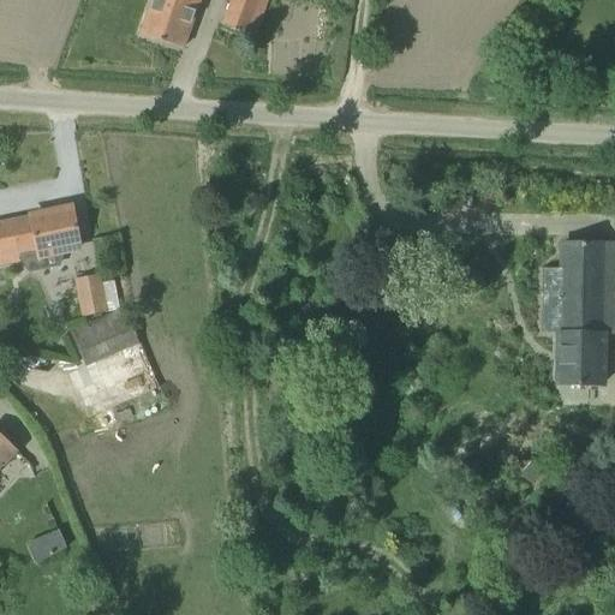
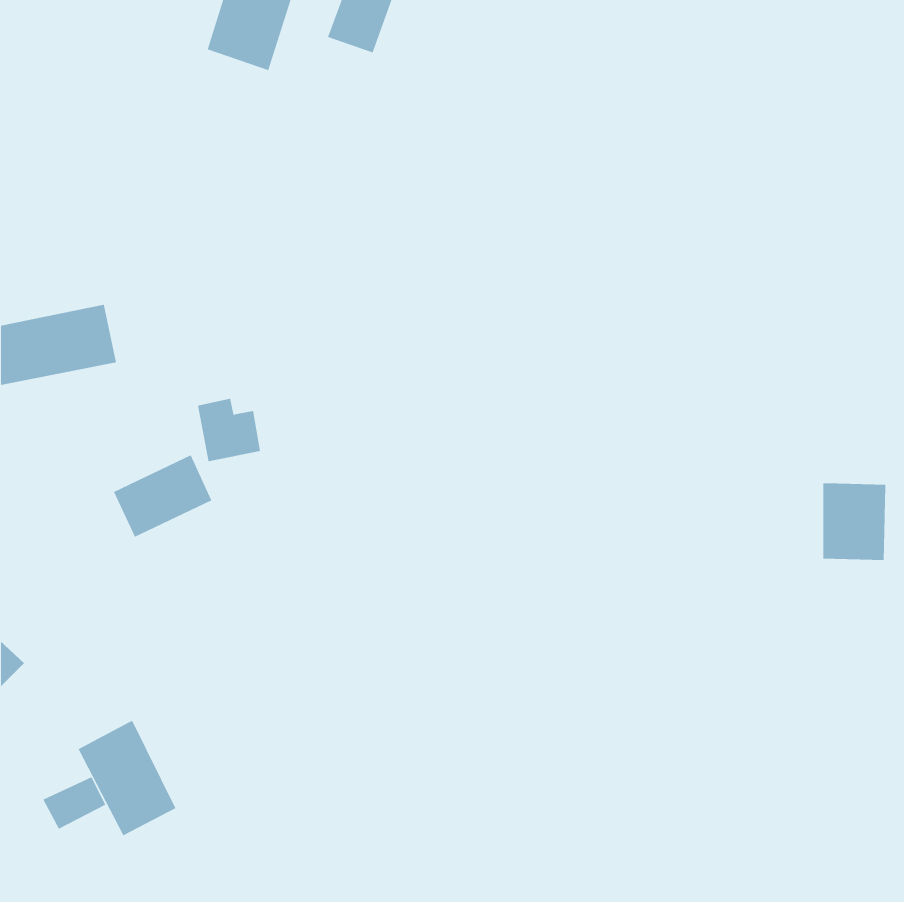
building: [561,237,603,329] -> none
building: [76,273,119,316] -> [197,398,261,462]
building: none -> [78,720,176,836]

